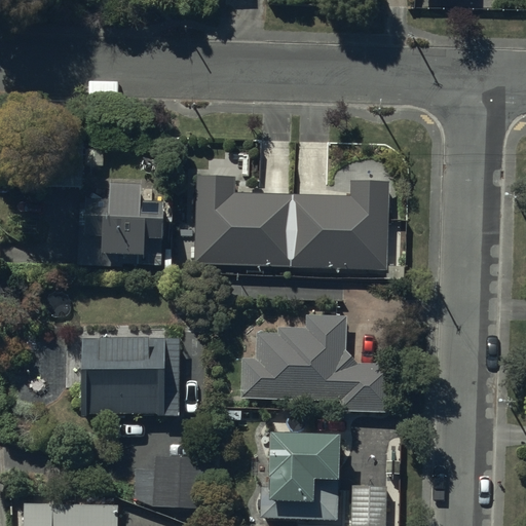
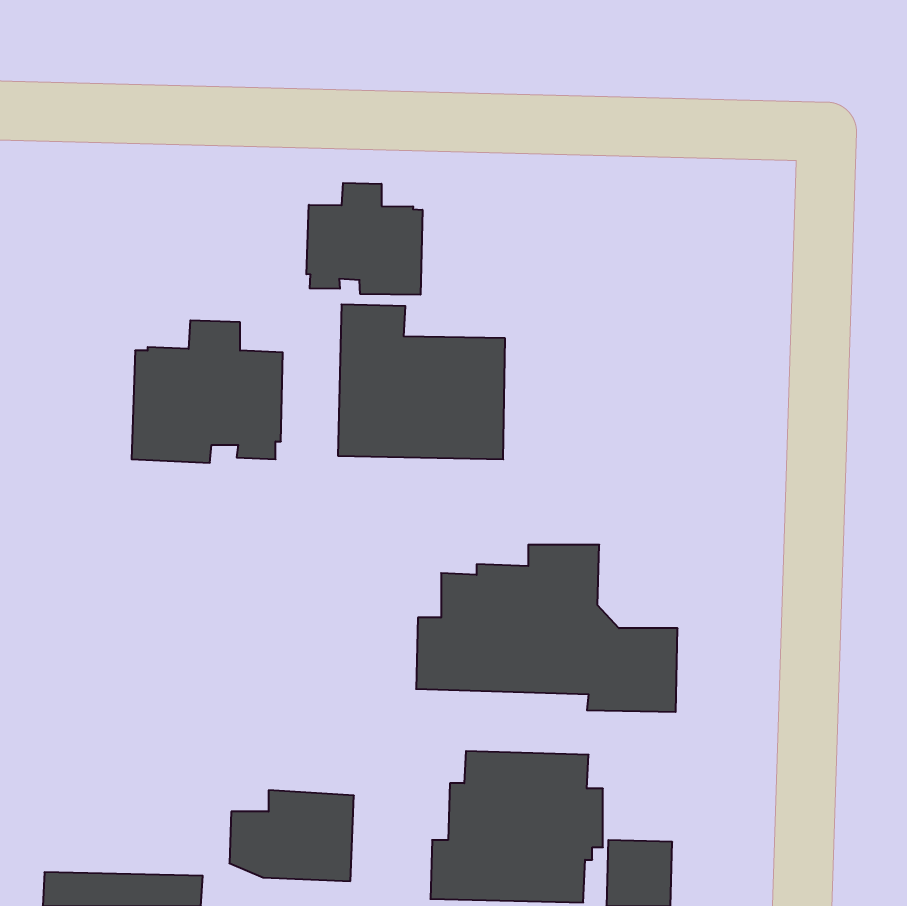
building: none -> [306,183,422,295]
building: [291,179,387,267] -> none
building: [80,339,180,417] -> none

